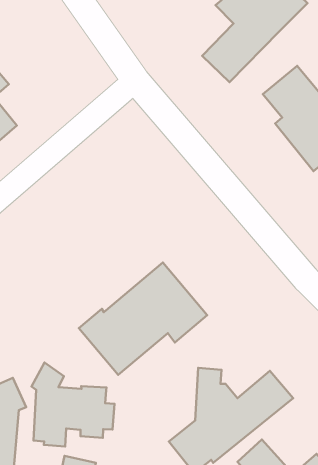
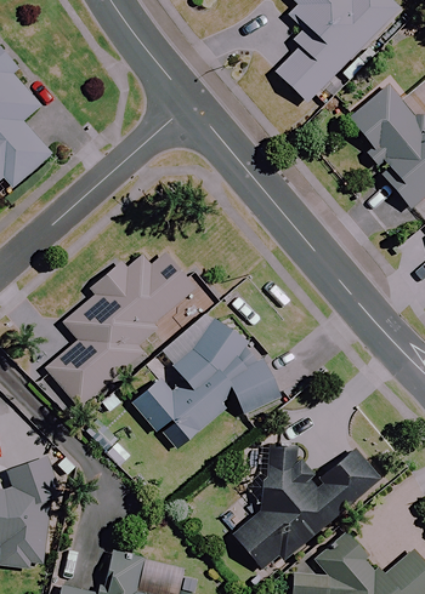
building: none -> [45,251,195,406]
building: [31,363,114,446] -> none

